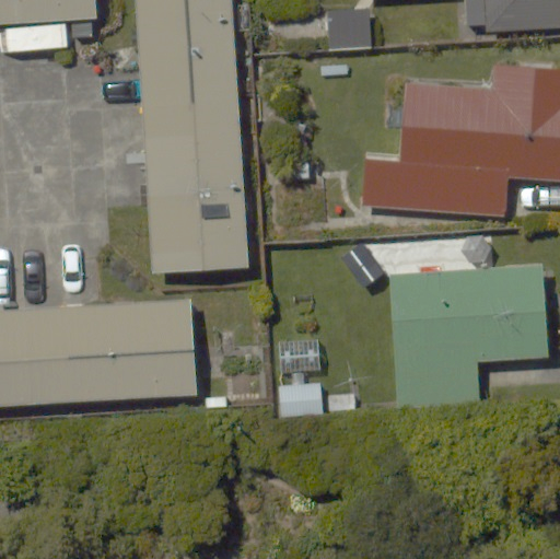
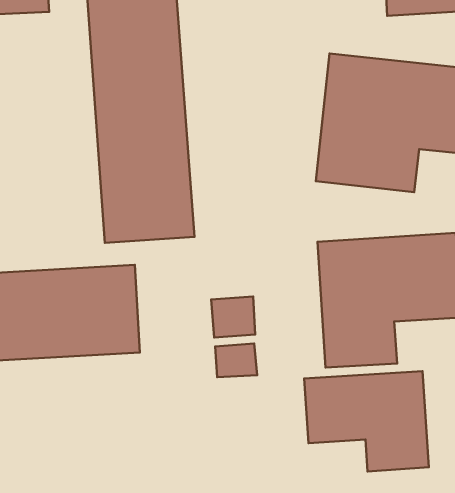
building: none -> [304,371,429,471]

